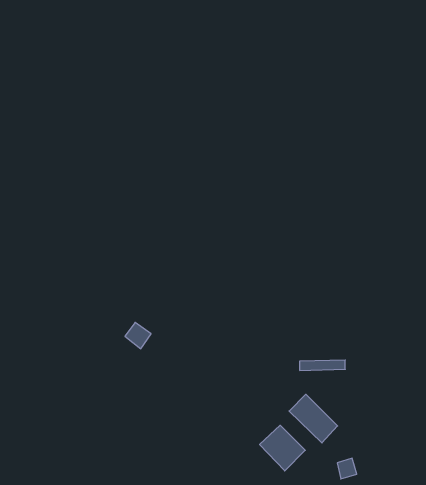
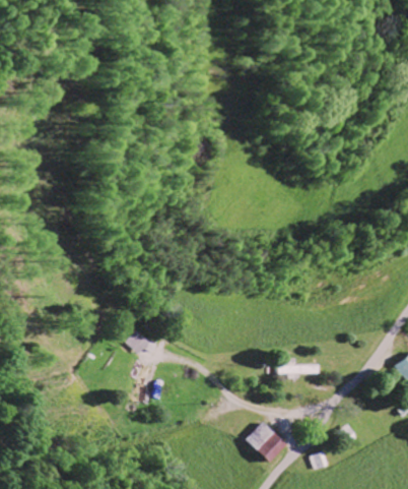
building: [289,394,338,443] -> none

